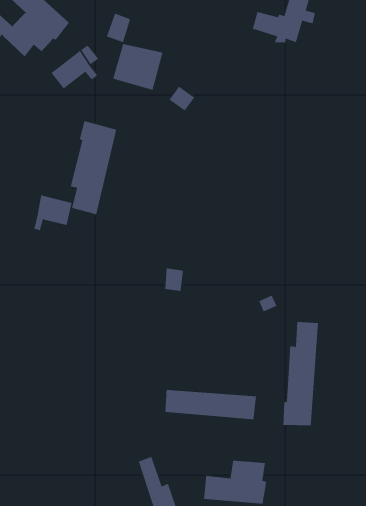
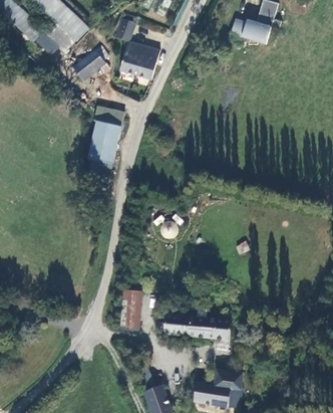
building: [34,195,73,231] -> none
building: [282,321,319,426] -> none
building: none -> [120,287,142,330]

